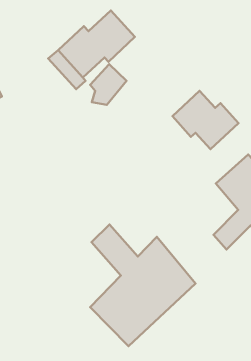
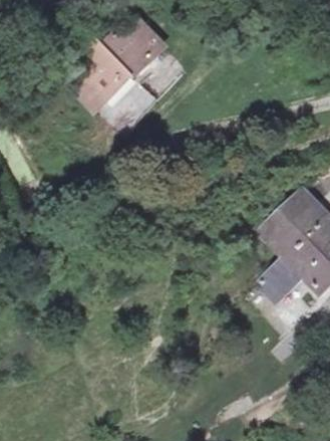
building: [172,91,238,149] -> none
building: [90,224,196,346] -> none

